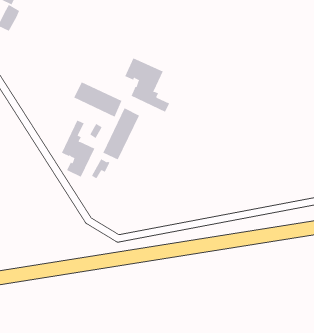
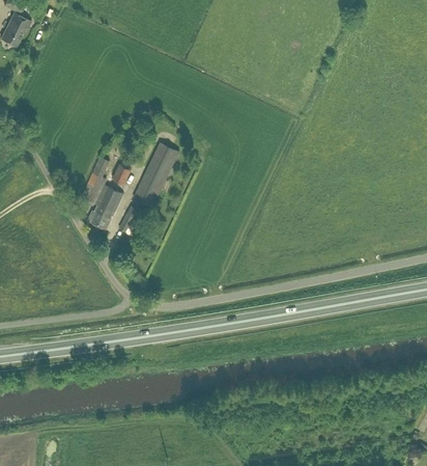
building: [125,57,170,112] -> none
building: [74,81,122,118] -> none

